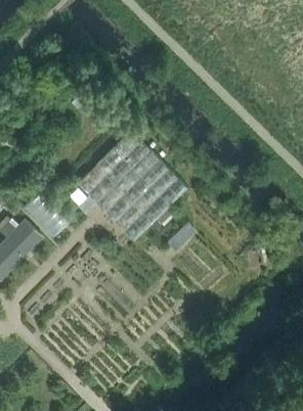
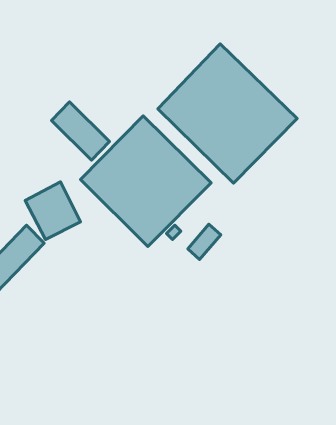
building: none -> [158,44,297,183]
building: none -> [51,102,110,160]

